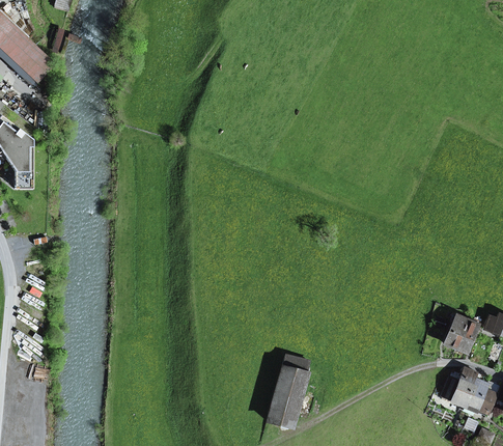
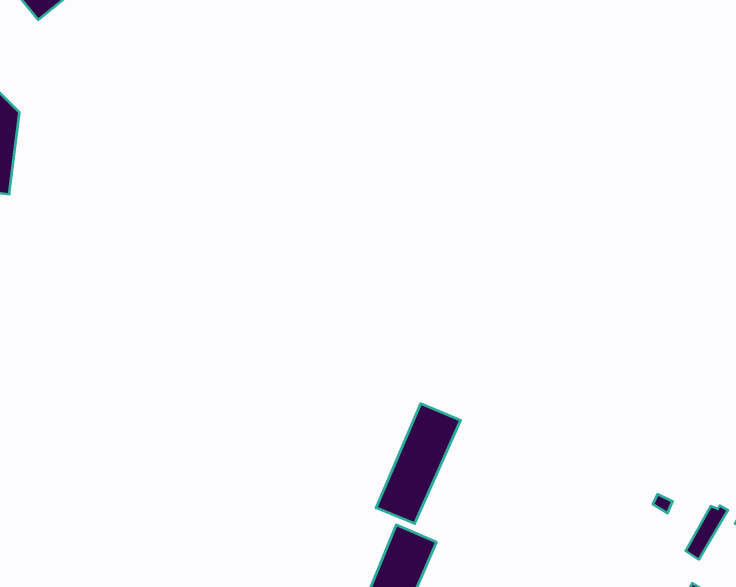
building: none -> [376,404,461,524]
building: [445,314,468,349] -> none

